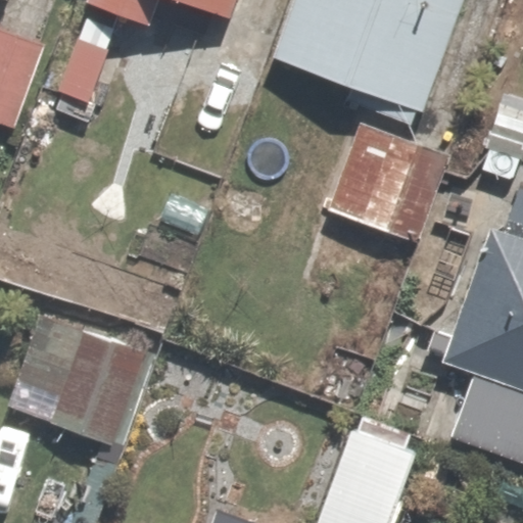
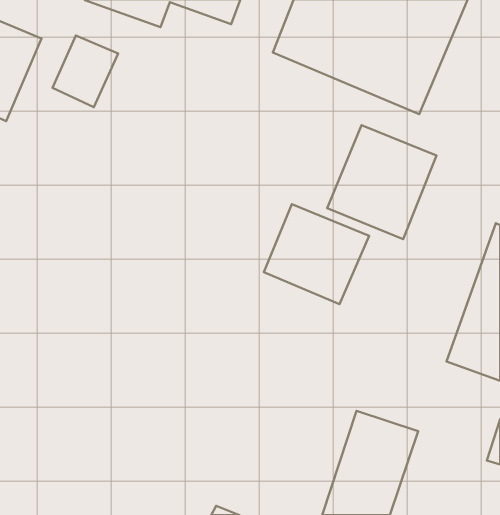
building: none -> [264,204,369,304]
building: [5,317,145,451] -> none

